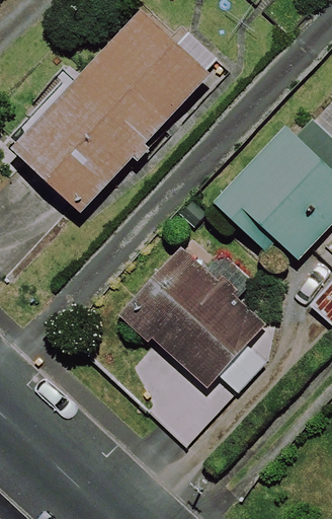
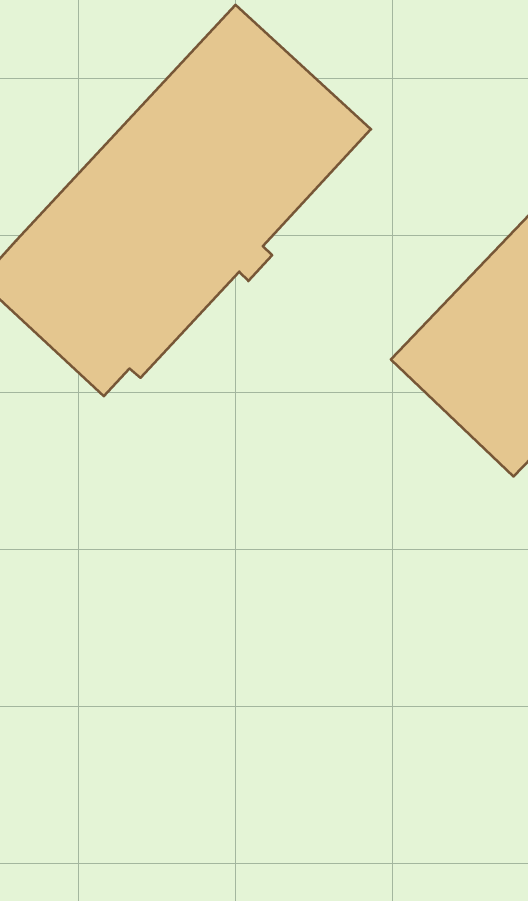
building: [128,238,267,389] -> none

